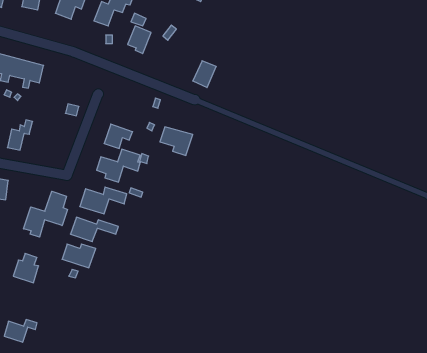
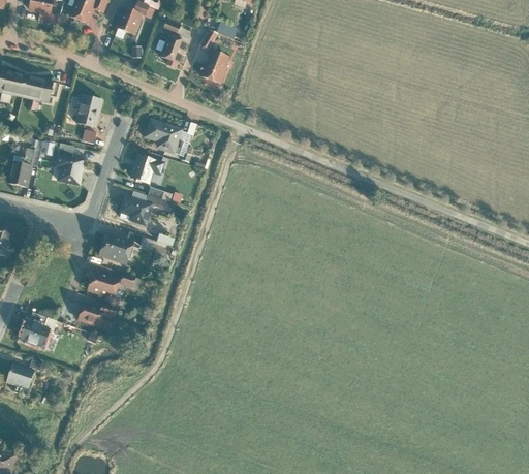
building: [193,61,216,88] -> [200,52,229,85]
building: none -> [75,94,103,128]
building: none -> [55,146,86,187]
building: [160,127,193,155] -> [143,120,183,155]
building: [24,191,67,237] -> none
building: [4,320,37,342] -> [7,360,48,388]

